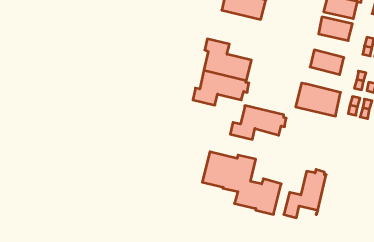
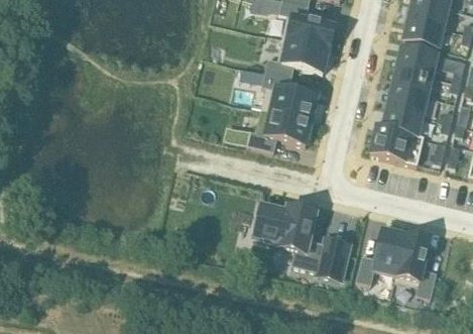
building: none -> [392,65,433,93]
building: none -> [382,104,423,133]
building: [230,106,286,139] -> [265,36,332,77]
building: none -> [395,232,437,298]

